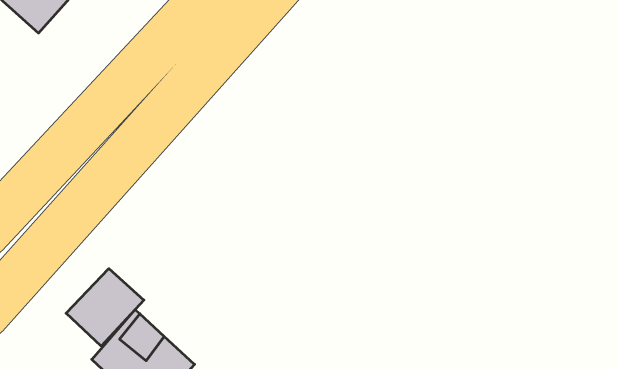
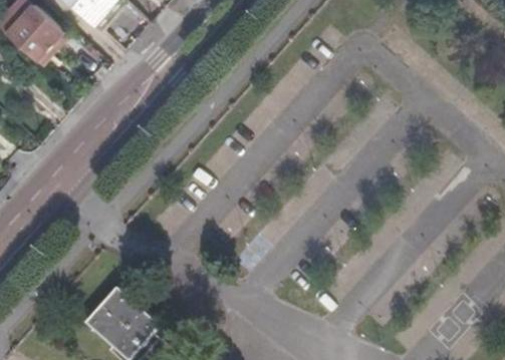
building: [66,269,144,346] -> none

